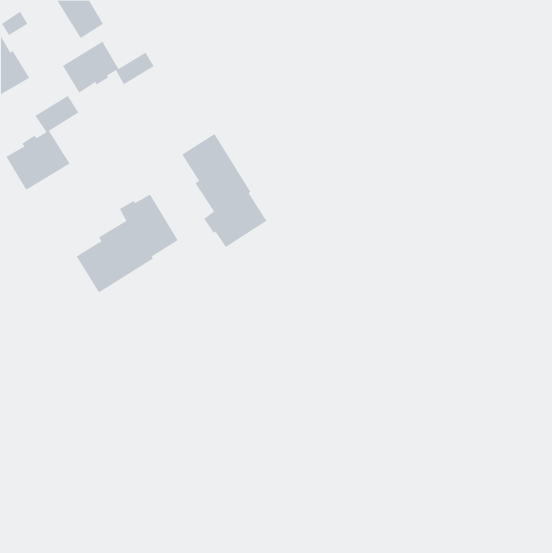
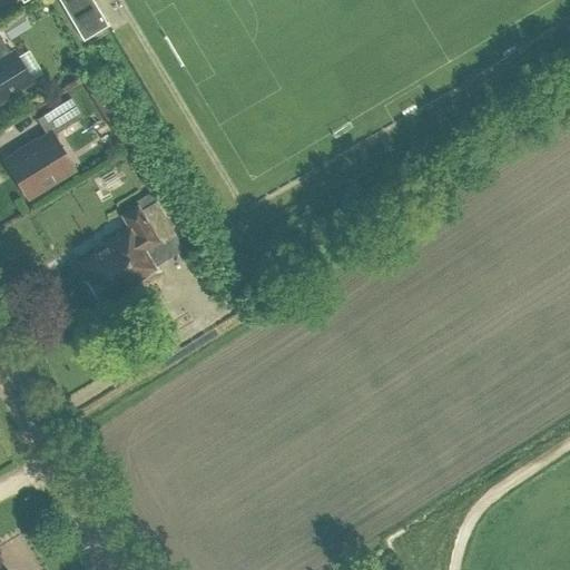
building: [62,41,154,93] -> none
building: [182,133,267,248] -> none

